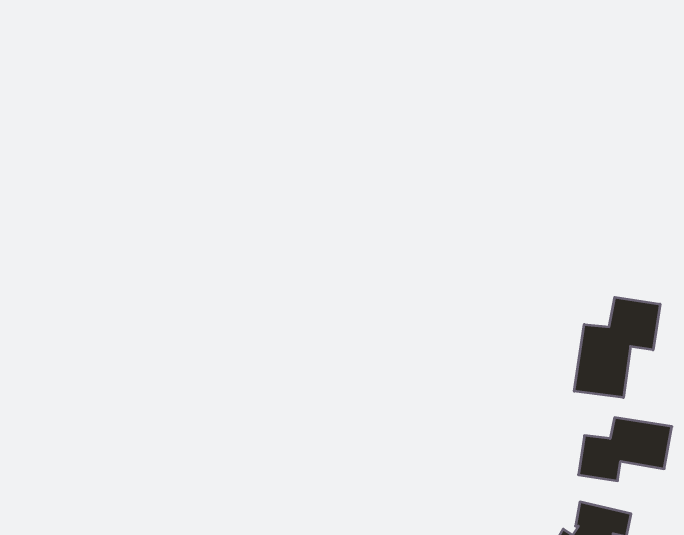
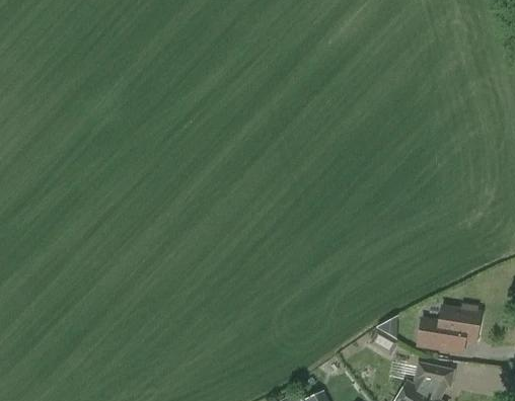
building: [574,297,660,398] -> none

